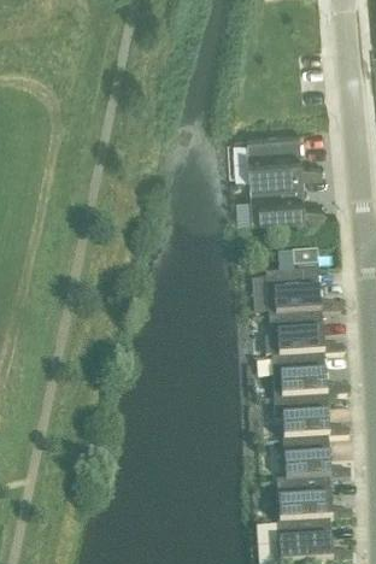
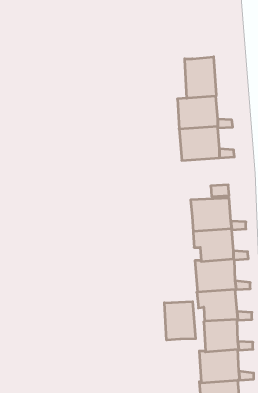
building: none -> [185,57,216,98]
building: none -> [164,302,196,340]

